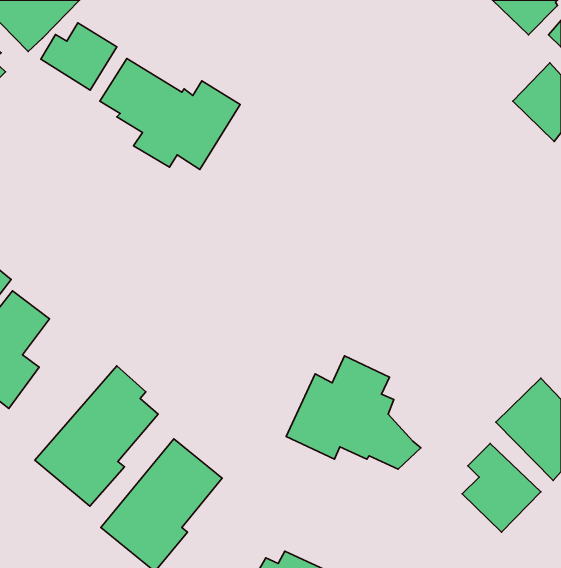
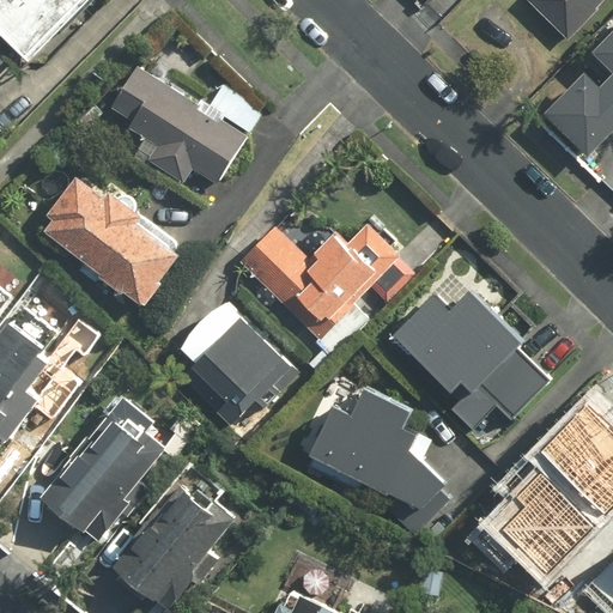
building: [41,23,117,90] -> none
building: none -> [44,176,181,305]
building: none -> [236,224,400,342]
building: none -> [393,289,547,431]
building: none -> [180,315,293,429]

